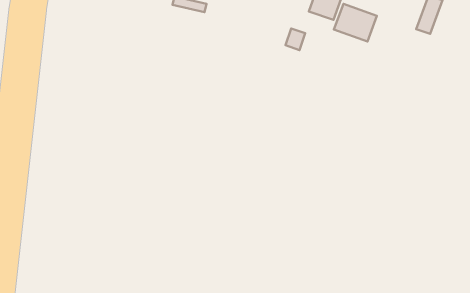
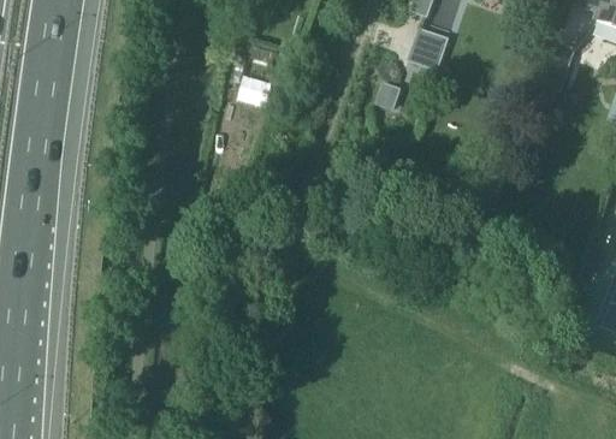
building: [334,4,377,41] -> none

